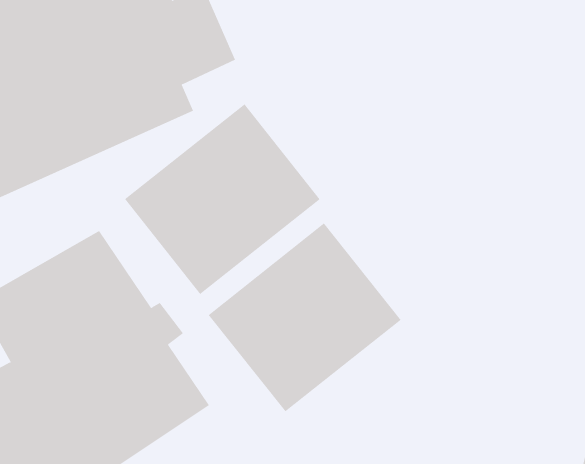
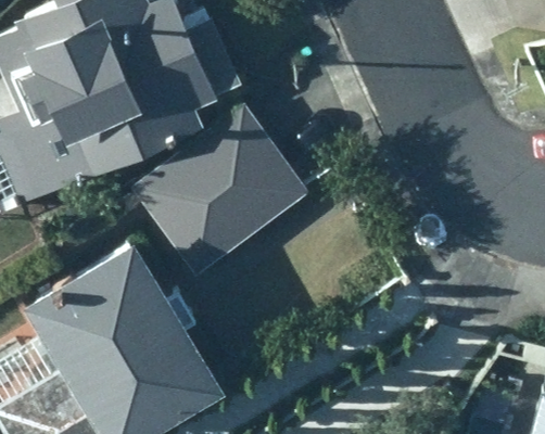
building: [208,223,401,412] -> none

